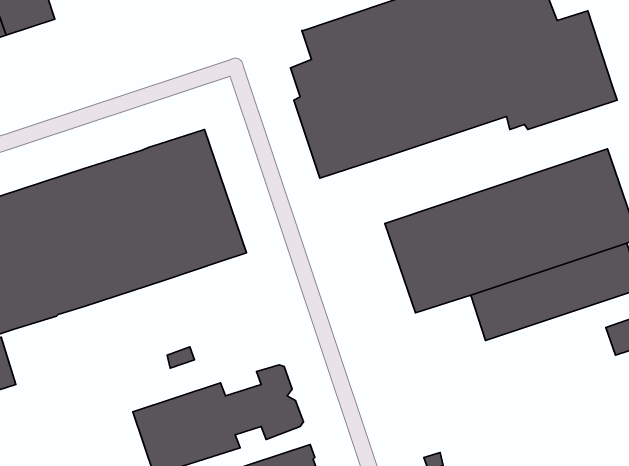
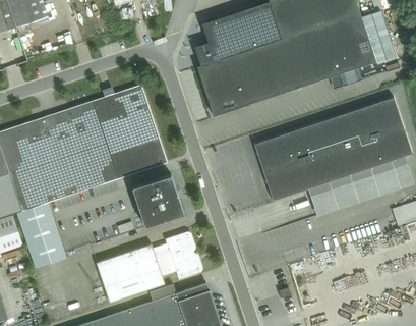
building: none -> [131,174,183,226]
building: none -> [17,202,66,268]

